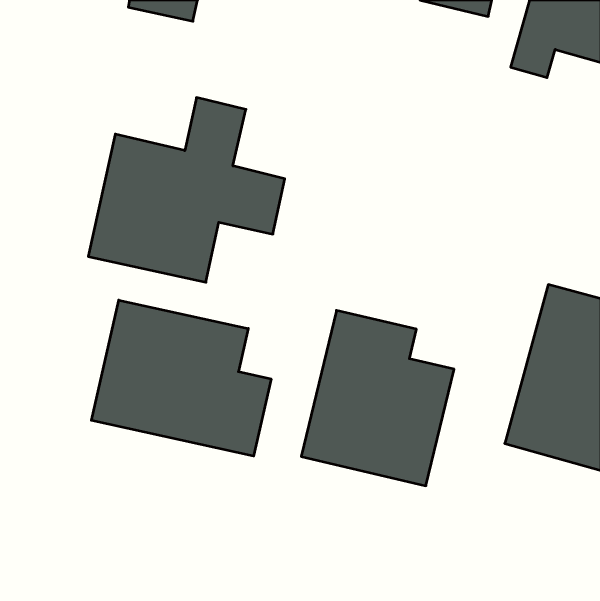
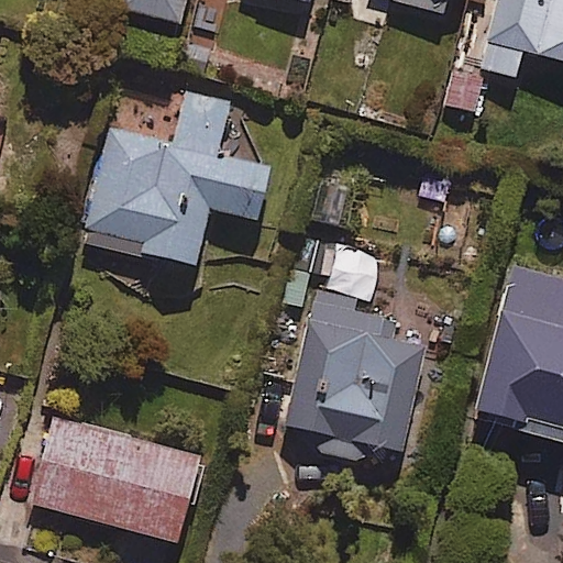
building: [91,300,271,456] -> none
building: none -> [31,416,199,540]

